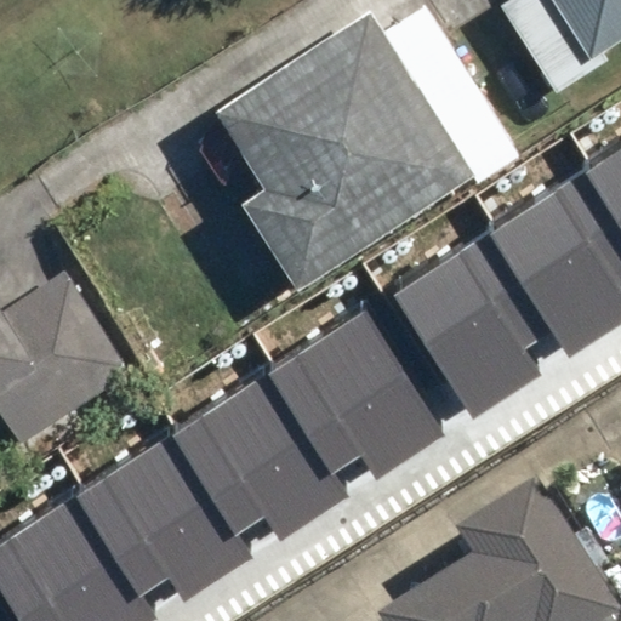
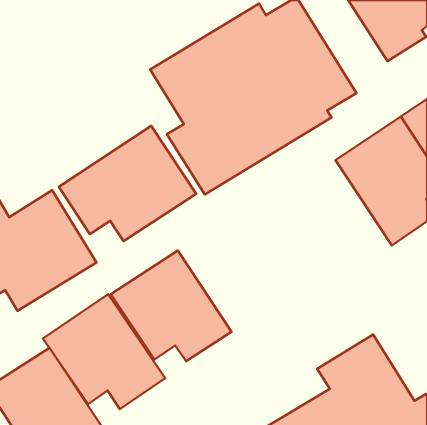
building: none -> [59,126,196,241]
building: [388,237,551,422] -> none
building: [257,315,443,479] -> none

